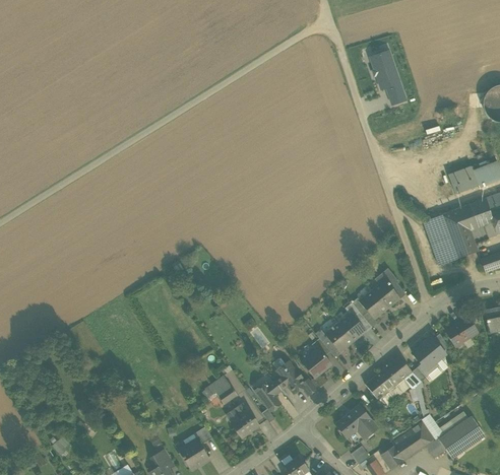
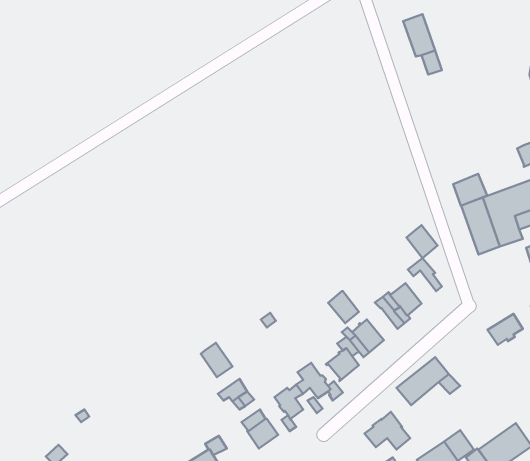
building: [448,165,479,194] -> [453,174,487,206]
building: [373,279,400,309] -> [407,225,437,258]
building: [338,313,366,341] -> [328,291,359,323]
building: [413,337,445,377] -> none
building: none -> [201,343,232,377]

